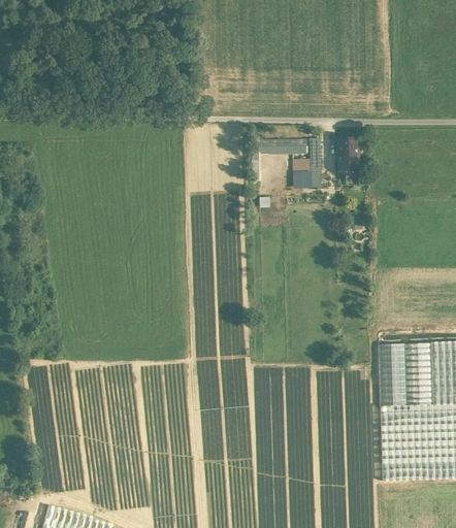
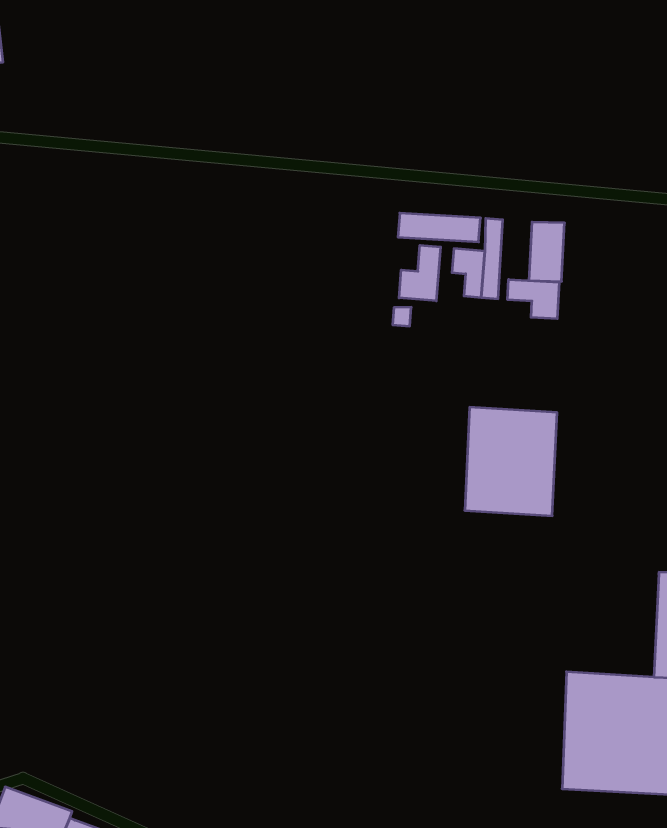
building: none -> [399,245,441,301]
building: none -> [508,279,559,319]
building: [378,343,432,406] -> [465,407,557,516]

